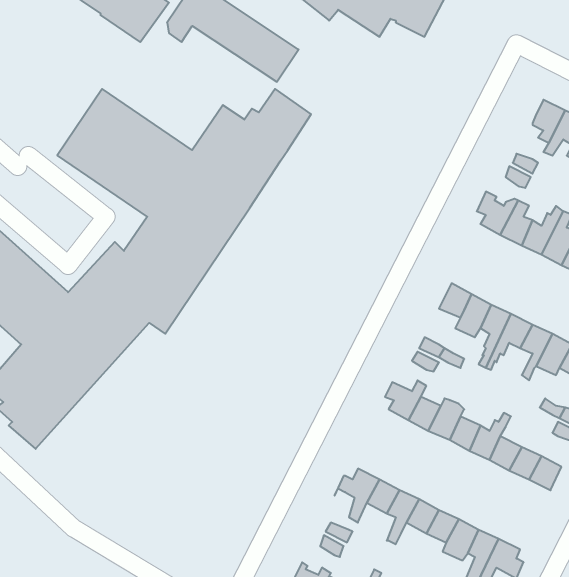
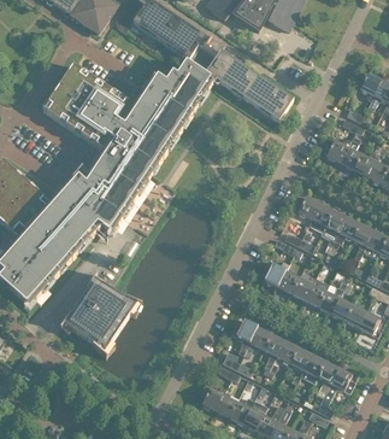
building: none -> [188,33,293,121]
building: none -> [59,274,141,358]

